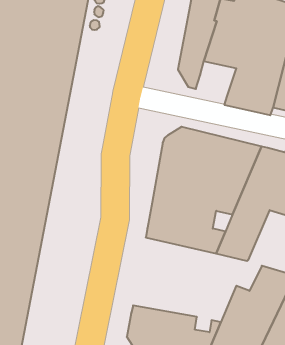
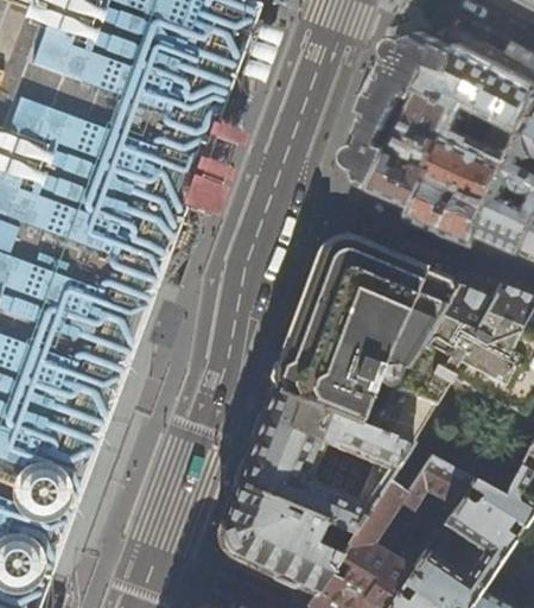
building: none -> [377,150,440,205]
building: none -> [235,390,409,530]

